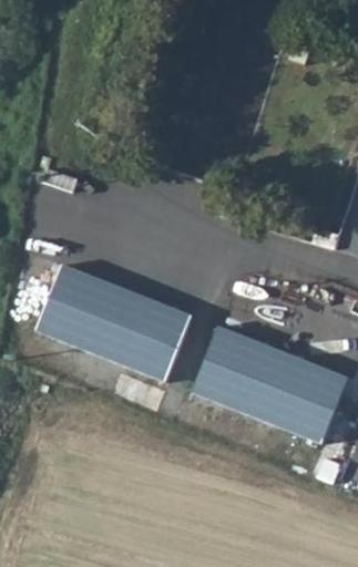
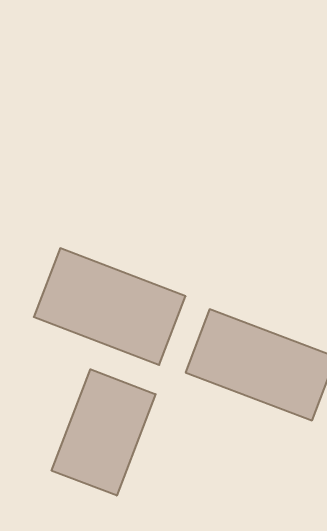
building: none -> [52,369,156,496]

